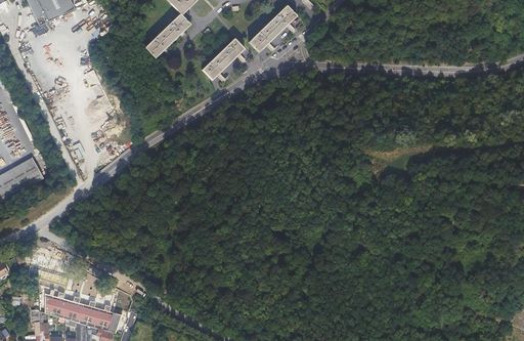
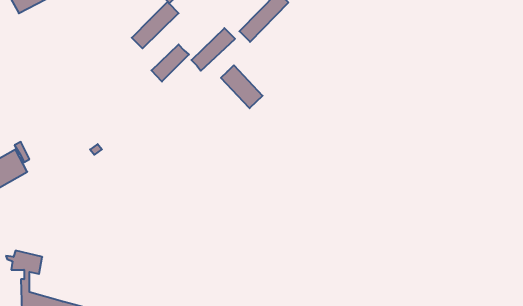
building: none -> [151,44,189,82]
building: none -> [221,65,263,108]

